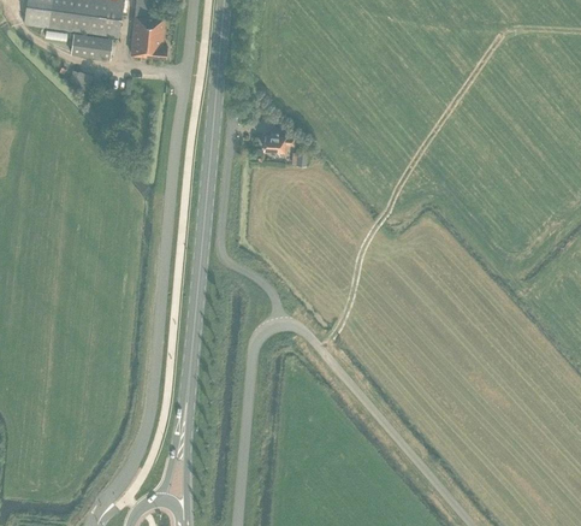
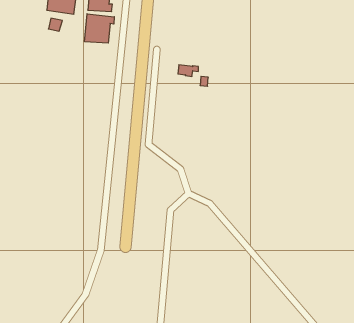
building: none -> [85,14,114,43]

